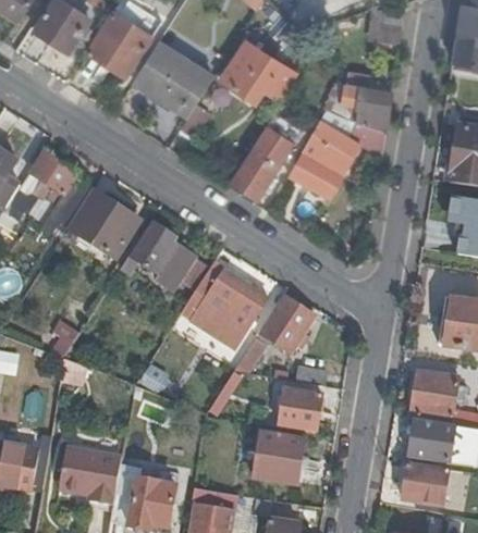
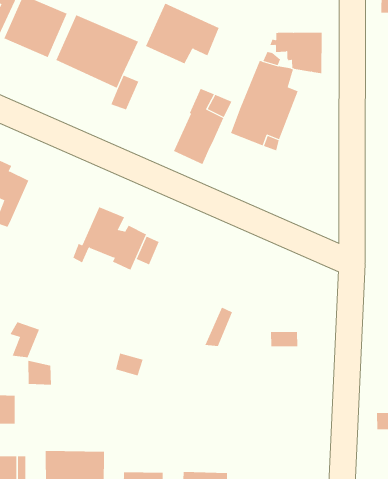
building: [68,189,133,258] -> none
building: [192,265,268,345] -> none
building: [261,298,314,354] -> none
building: [277,388,321,432] -> none
building: [253,432,303,486] -> none

